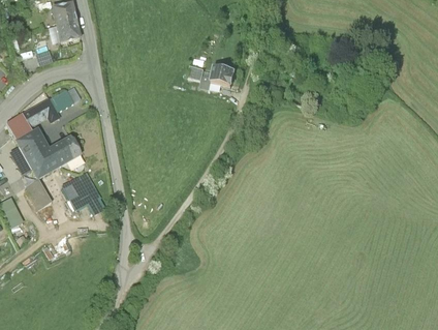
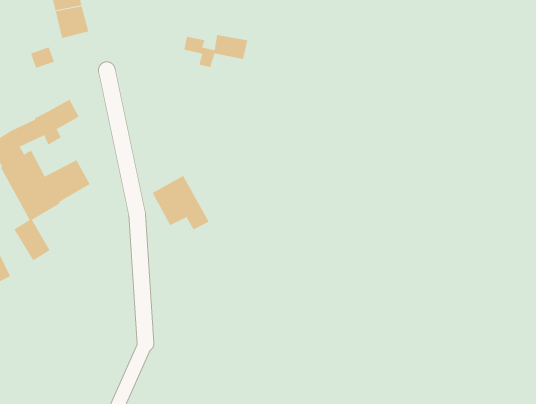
building: [188,64,237,89] -> [183,35,248,68]
building: [62,174,105,215] -> [152,175,210,230]

